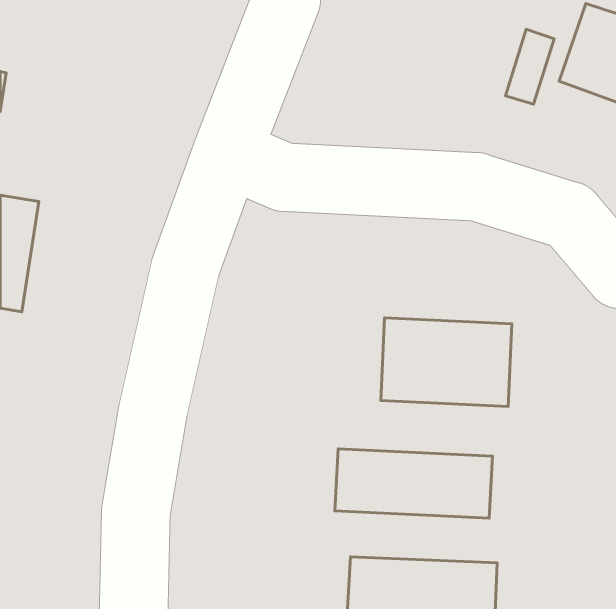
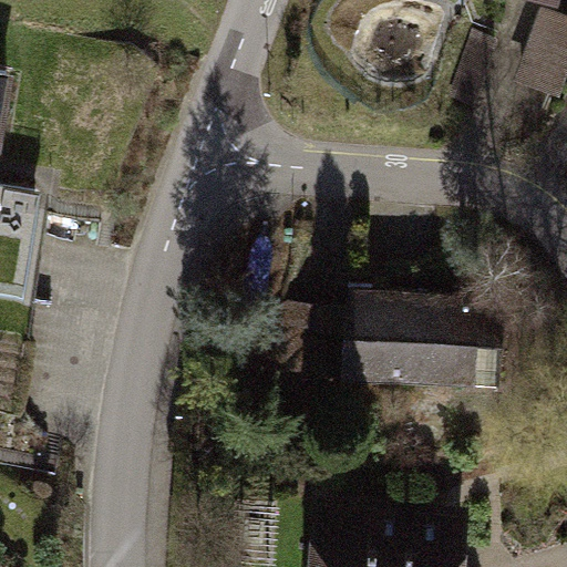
building: [335,449,493,518] -> none

